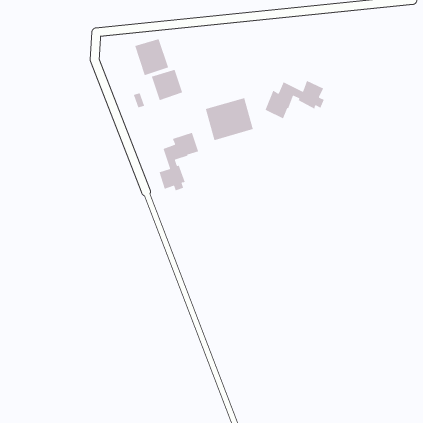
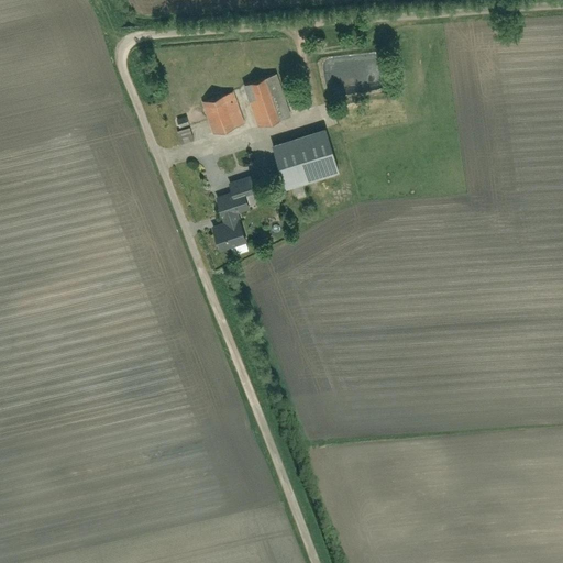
building: [134,38,169,76] -> [243,76,289,126]
building: [264,80,325,120] -> none

